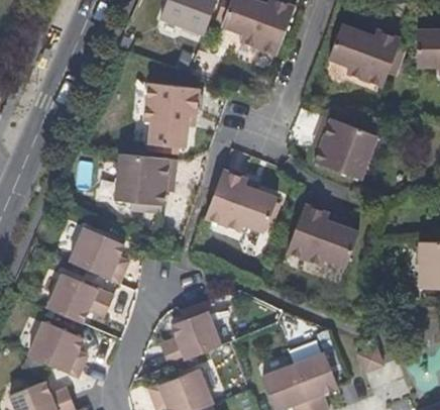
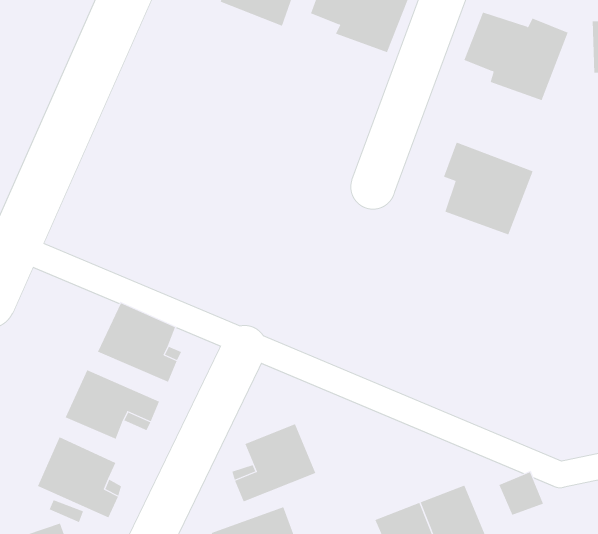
building: [142,83,196,148] -> none
building: [112,152,174,206] -> none
building: [204,171,274,233] -> none
building: [286,206,356,267] -> none

